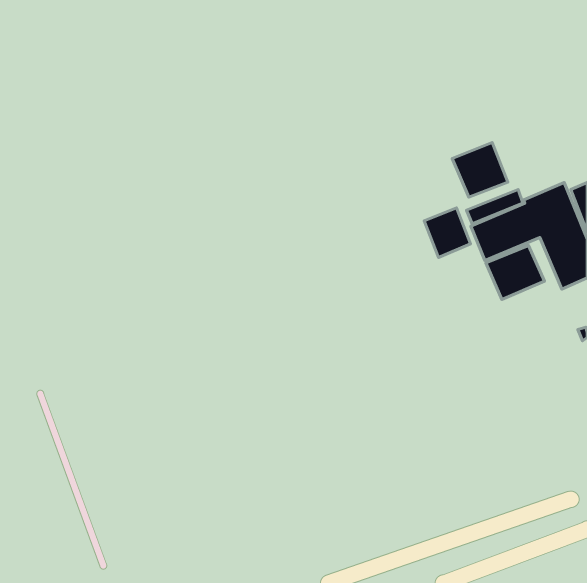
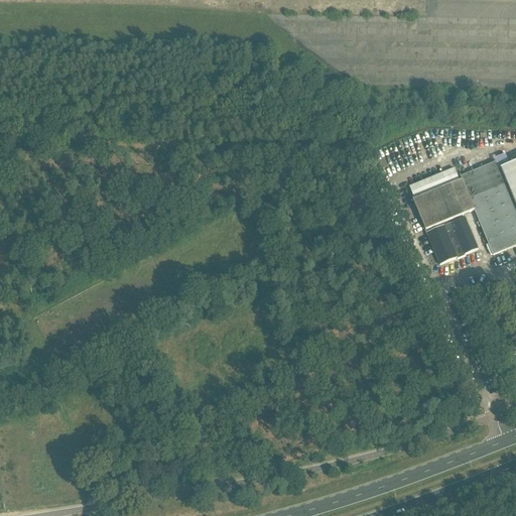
building: [452,143,508,197] -> none
building: [424,208,471,258] -> none

